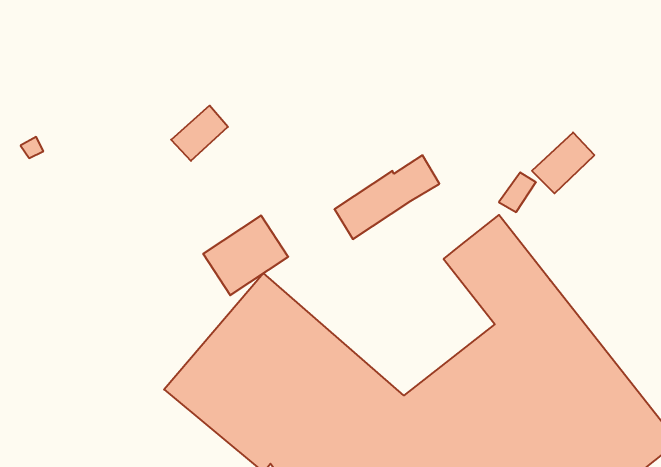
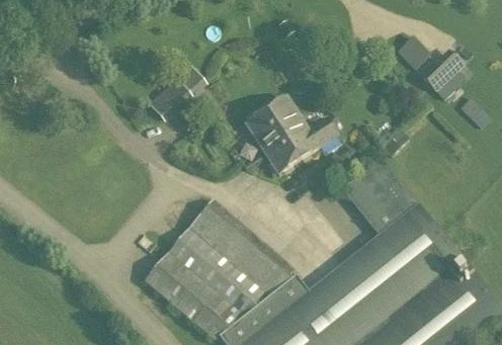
building: none -> [399,35,427,67]
building: [532,132,594,193] -> [419,48,464,91]
building: [203,216,288,295] -> [245,96,306,153]

